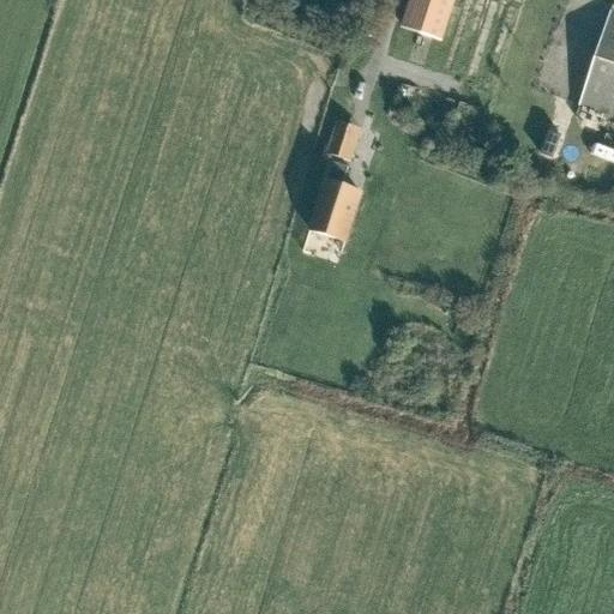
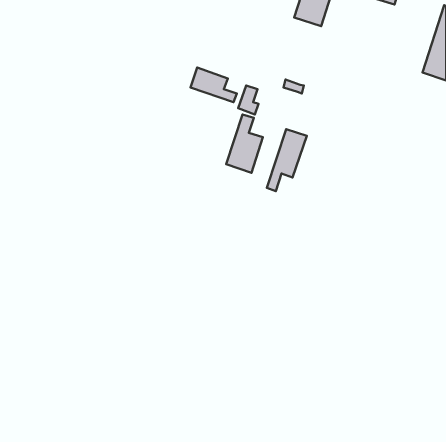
building: none -> [190,67,237,102]
building: none -> [267,129,307,191]

